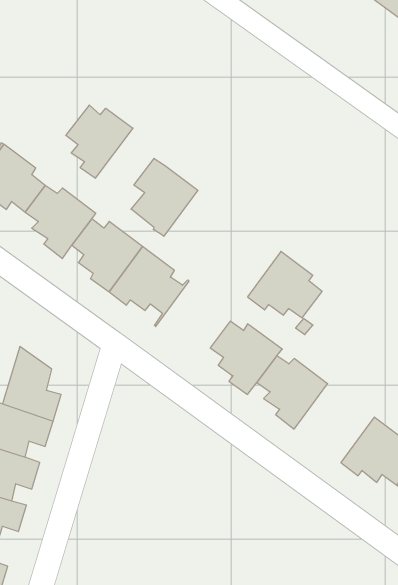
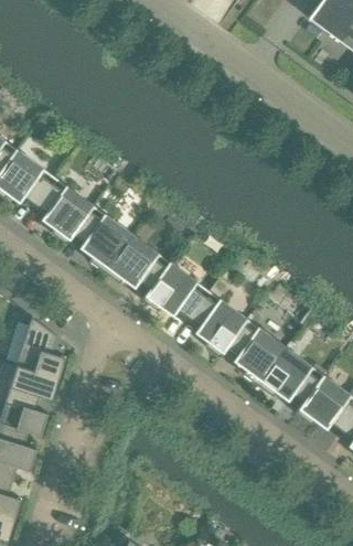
building: [66,105,133,178] -> none
building: [131,158,198,236] -> none
building: [248,251,322,318] -> [145,263,206,318]
building: none -> [259,347,325,413]

